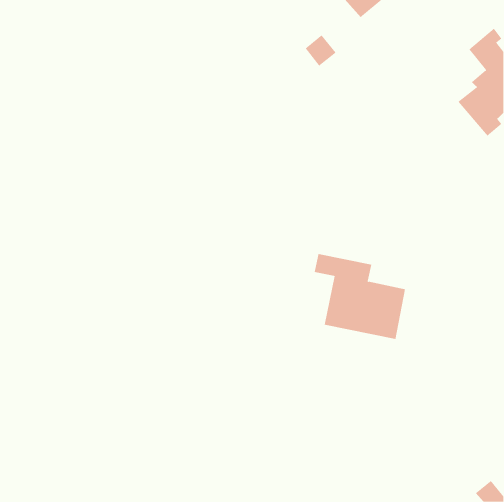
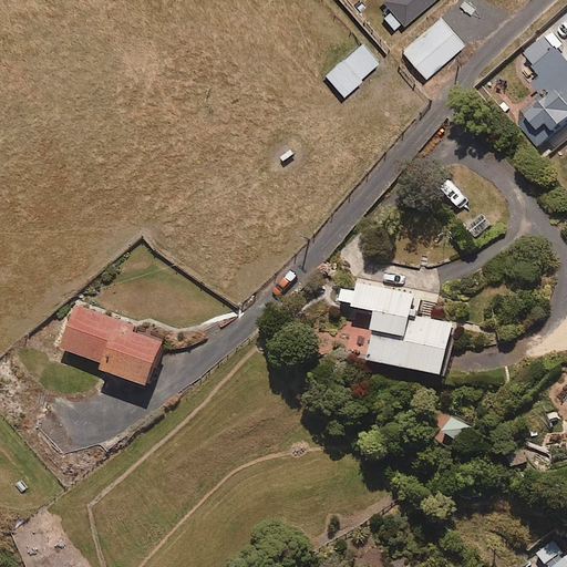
building: none -> [401,13,462,73]
building: none -> [62,305,166,389]

